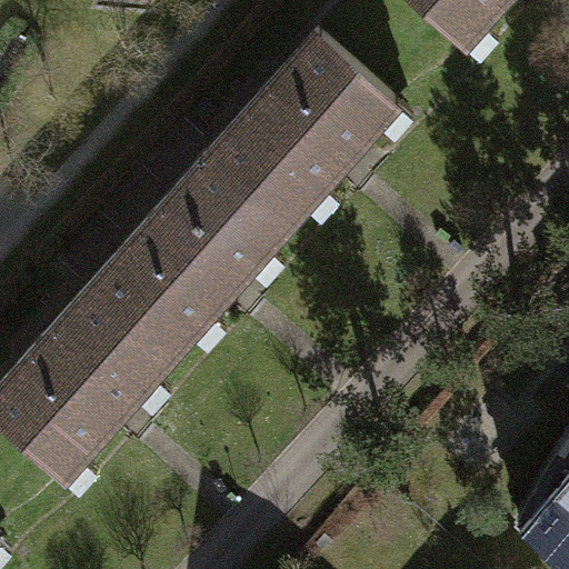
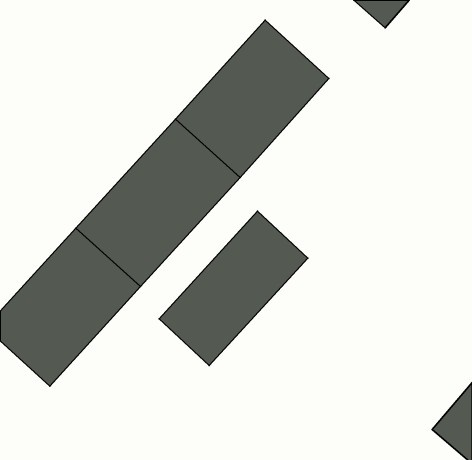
building: none -> [159,211,308,366]

